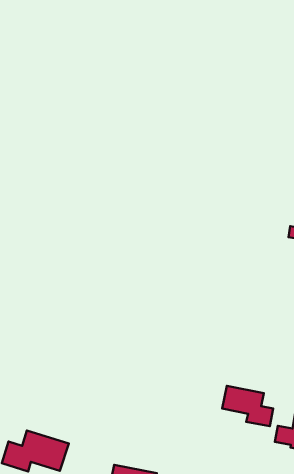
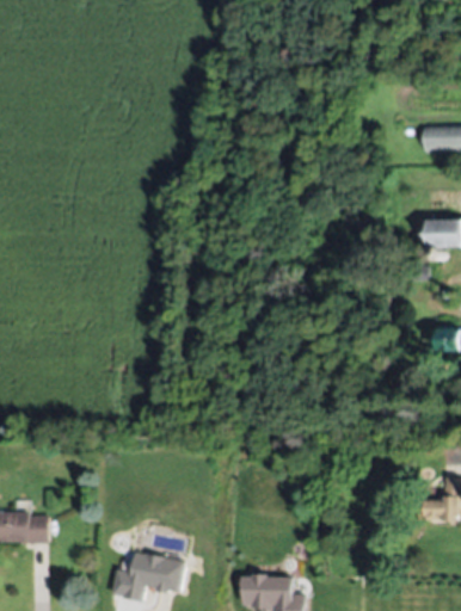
building: [222,386,273,426] -> none

